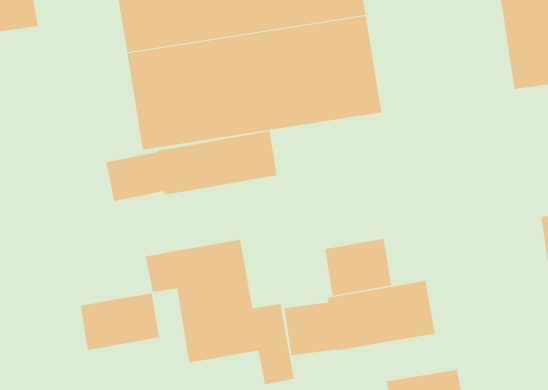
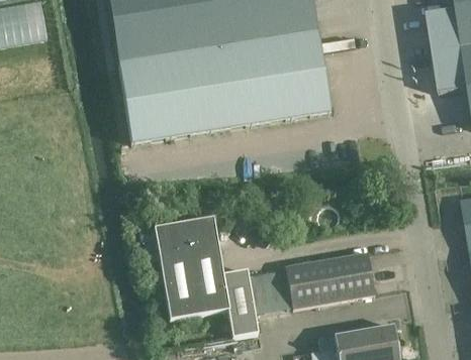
building: [106,130,277,202] -> none
building: [324,238,392,296] -> none
building: [80,293,160,351] -> none

